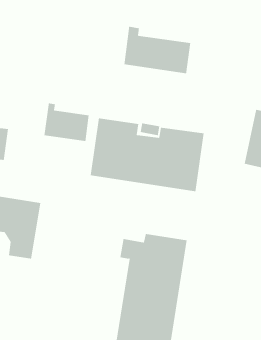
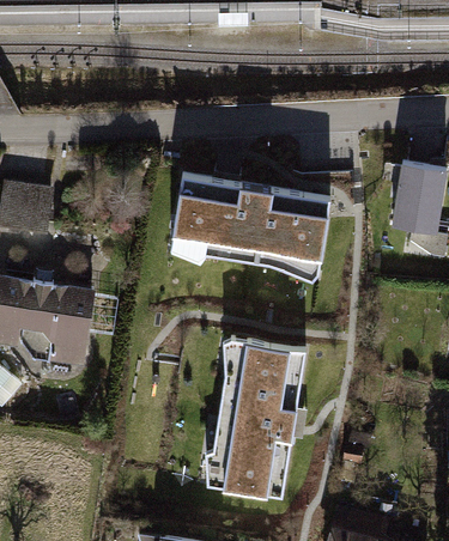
building: [124,26,191,74] -> none
building: [44,102,89,142] -> none

